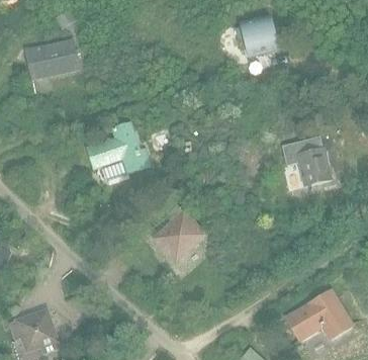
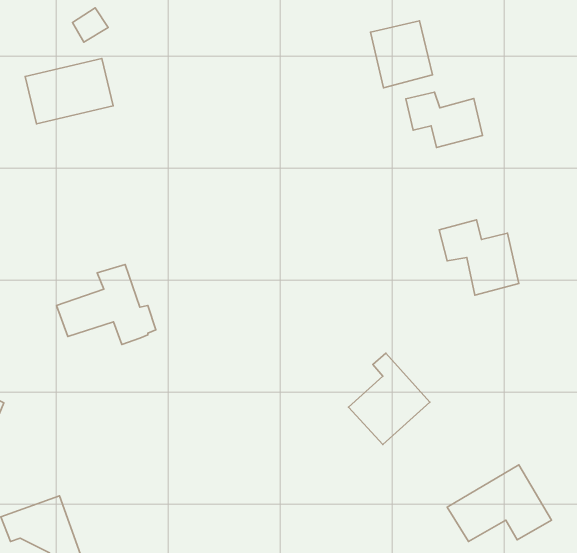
building: none -> [406,92,482,148]
building: [87,123,149,173] -> [57,265,156,345]
building: [154,204,204,261] -> [348,353,430,445]

